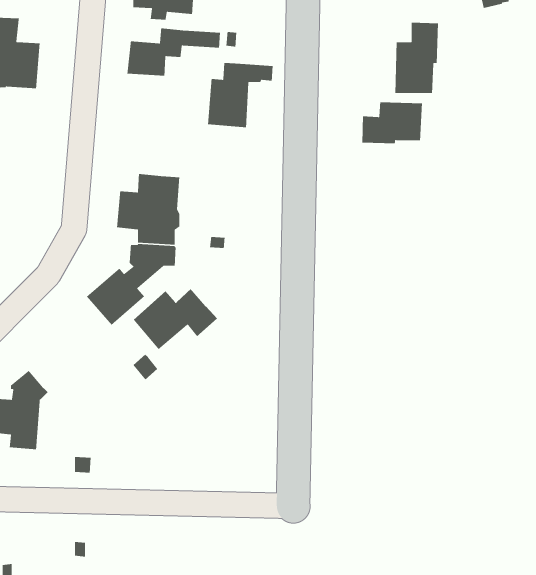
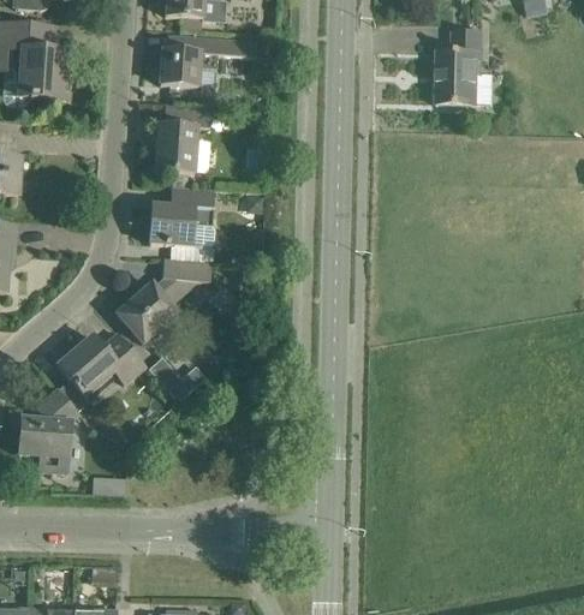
building: [207,62,274,128] -> [153,105,221,173]
building: [362,101,423,144] -> none
building: [133,288,218,350] -> [56,332,144,395]

